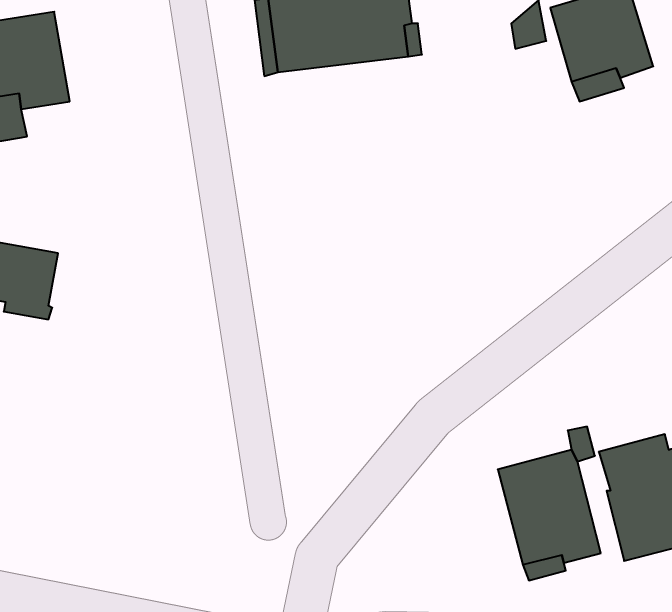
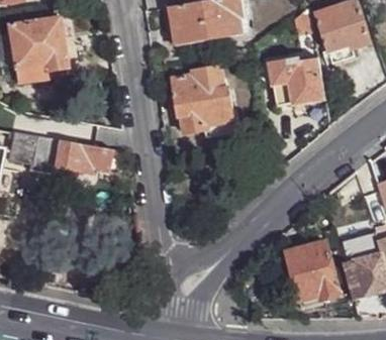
building: none -> [270,60,325,109]
building: none -> [170,67,235,136]
building: none -> [55,141,111,176]

